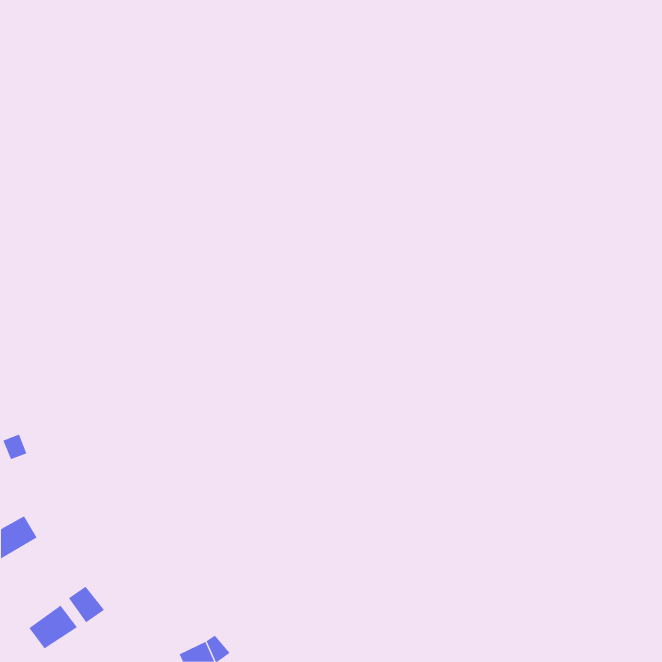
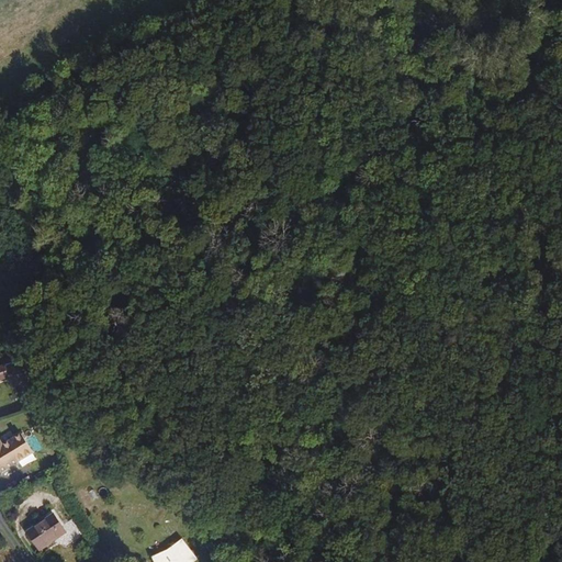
building: [68,586,105,623] -> none

